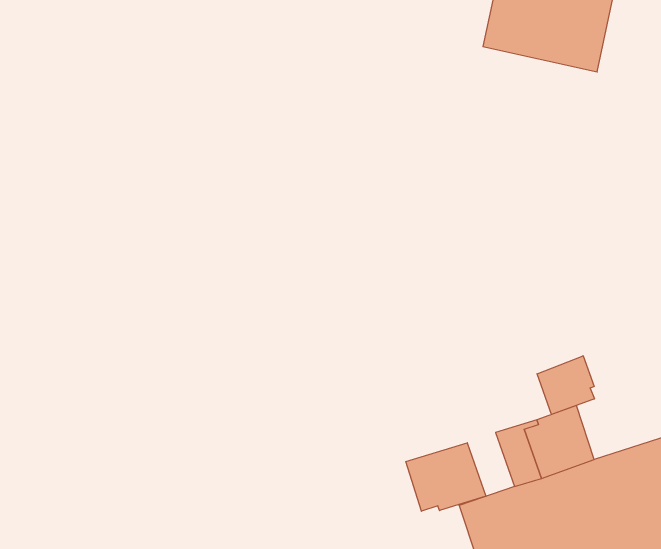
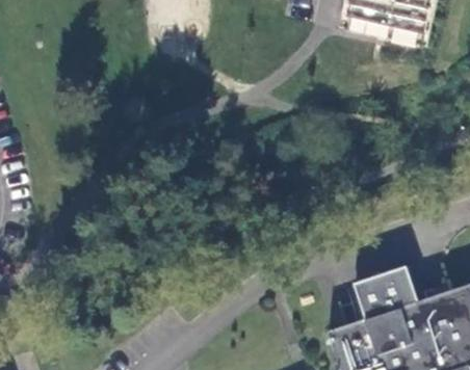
building: [537,356,594,414] -> none
building: [406,443,486,511] -> none

